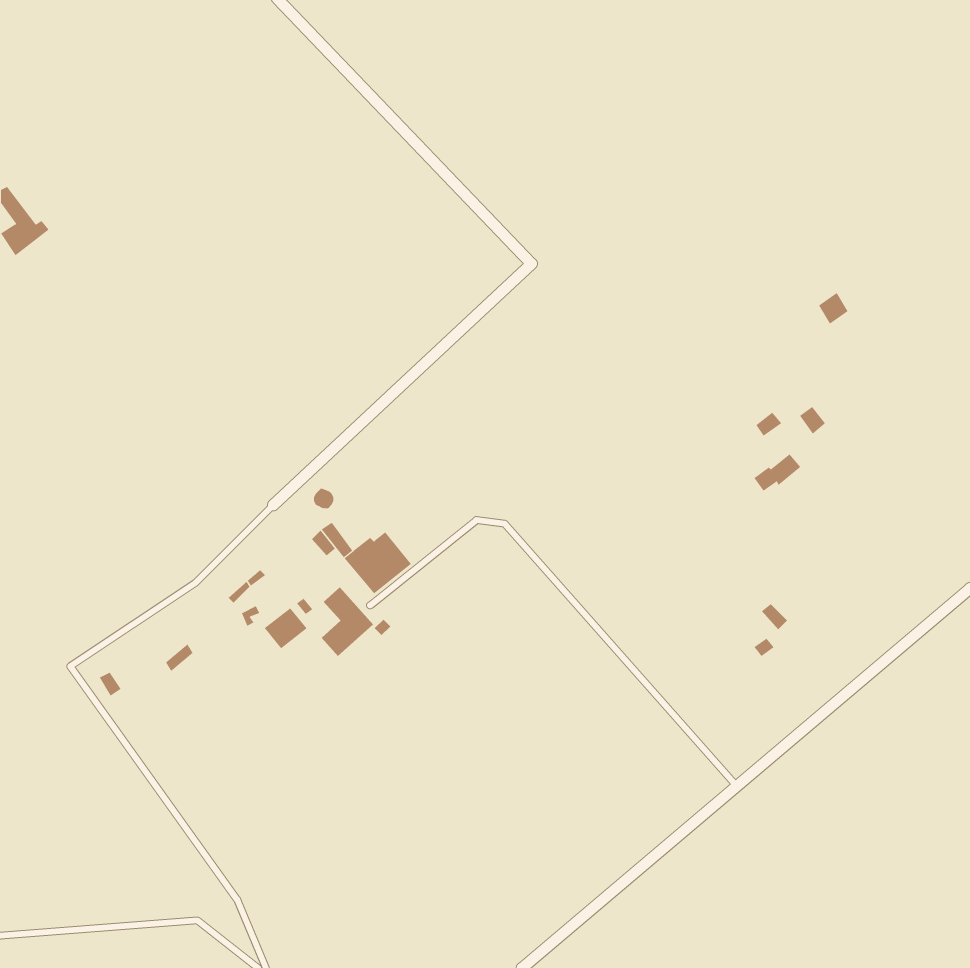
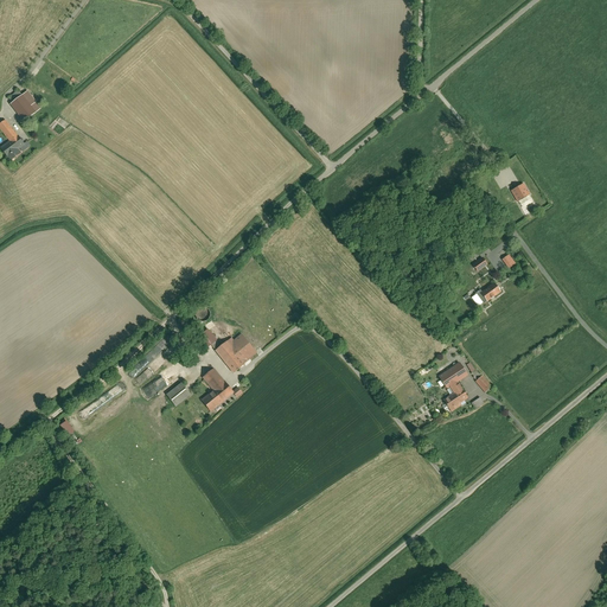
building: none -> [9,88,41,120]
building: none -> [436,362,469,411]

